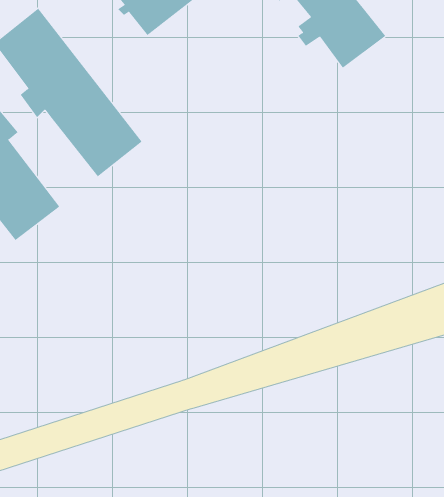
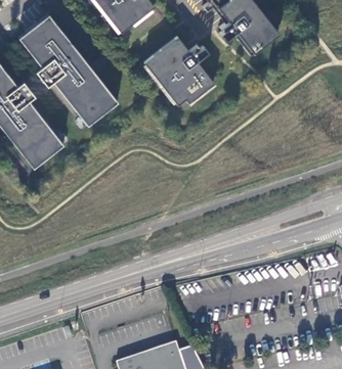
building: none -> [143,35,210,104]

